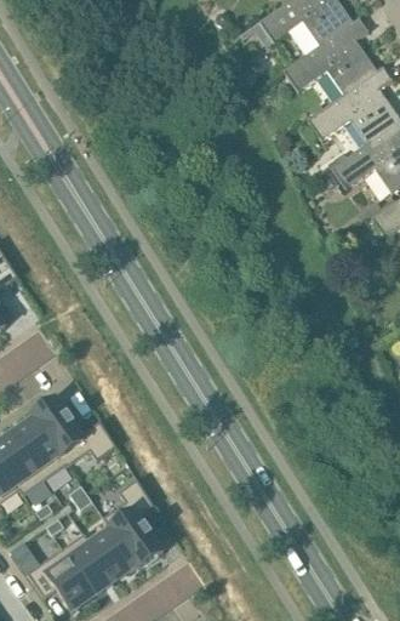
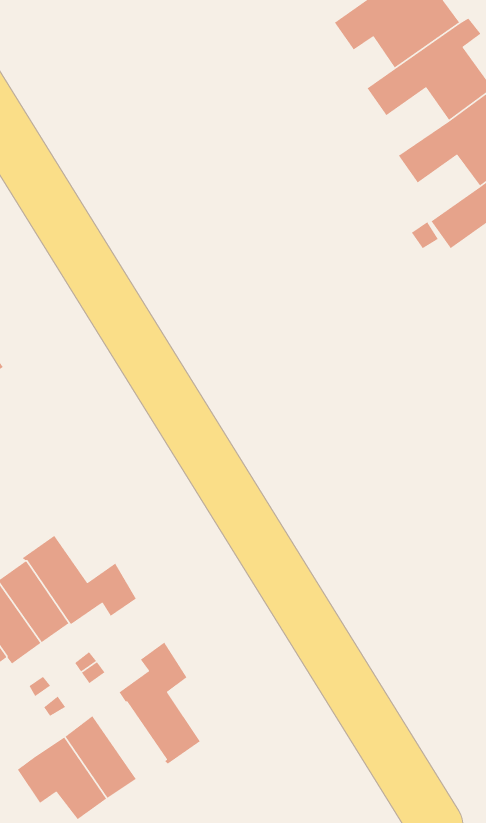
building: [86,524,137,581] -> none

